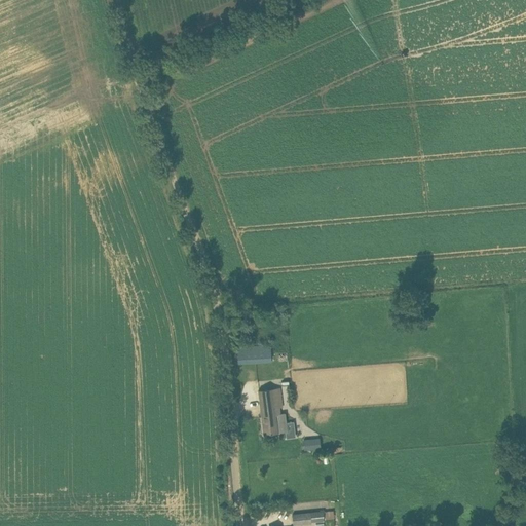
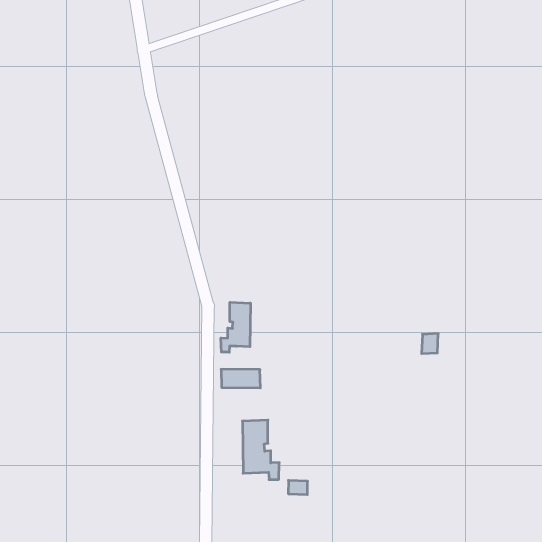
building: none -> [221,302,250,352]

